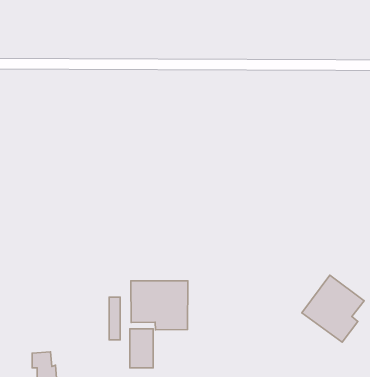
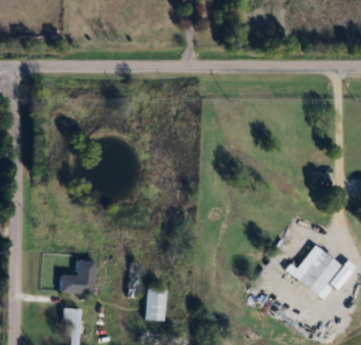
building: [131,281,188,330] -> none
building: none -> [59,259,95,293]

